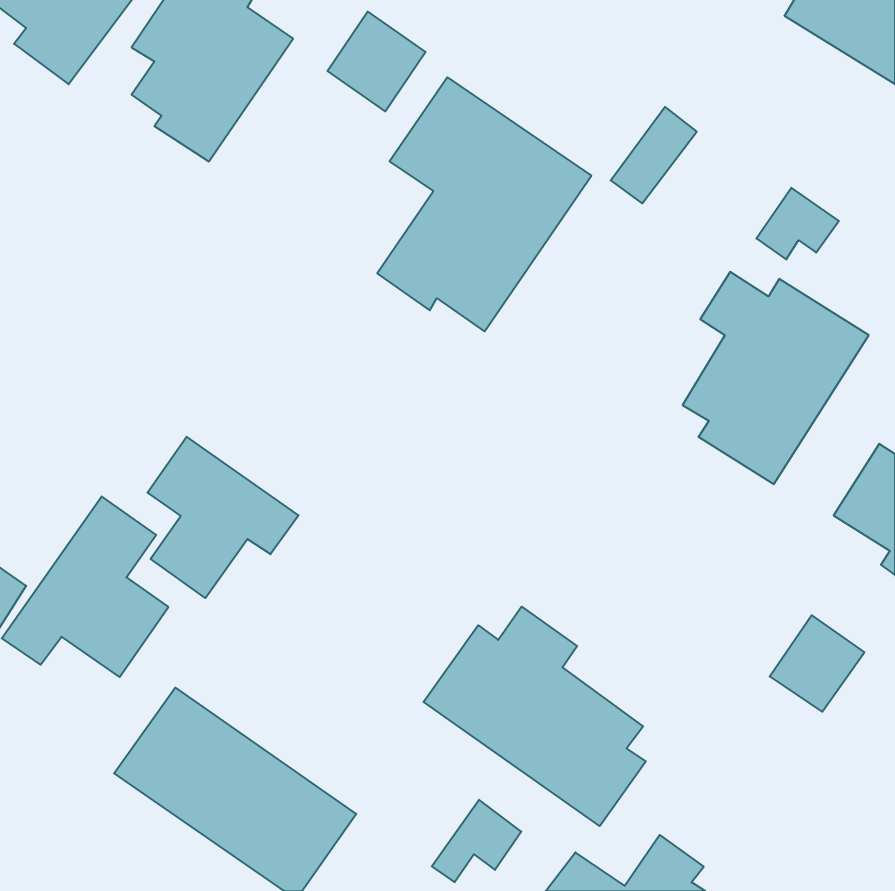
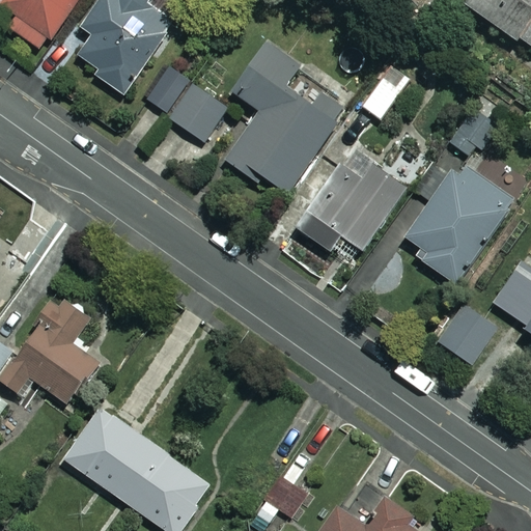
building: [327,12,426,111] -> [168,84,226,143]
building: none -> [292,150,404,254]
building: [147,437,299,598] -> none
building: [423,607,646,826] -> none
building: [770,615,864,712] -> [438,306,494,363]

